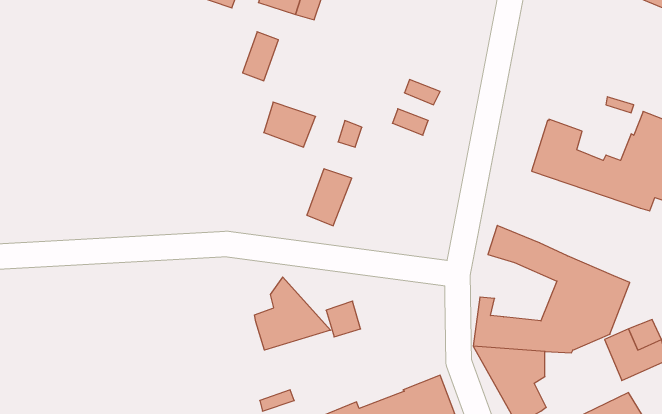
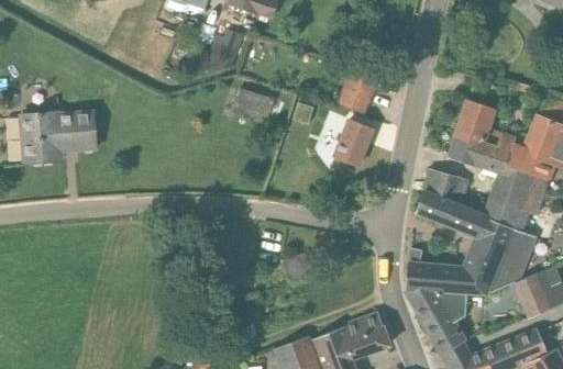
building: none -> [20,109,96,164]
building: [307,169,352,226] -> [335,115,373,163]
building: none -> [450,144,551,231]
building: none -> [424,169,465,203]
building: [255,277,331,350] -> none

